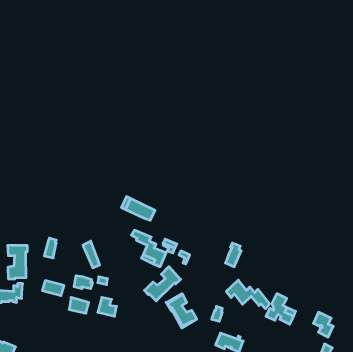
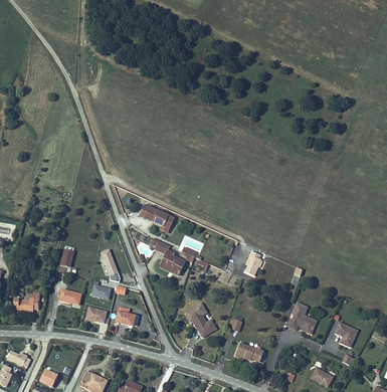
building: [8,245,27,279] -> none
building: [144,267,181,301] -> none
building: [226,280,269,309] -> none

